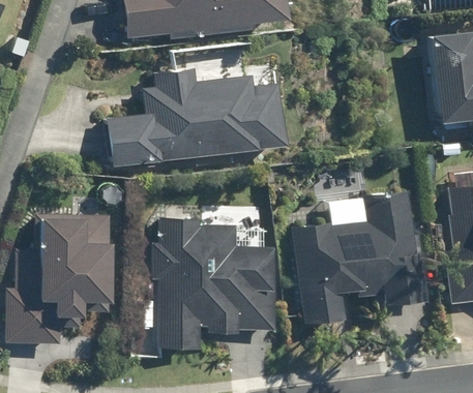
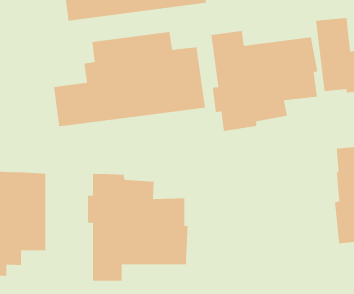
building: none -> [211,30,318,132]
building: [294,192,419,325] -> none

